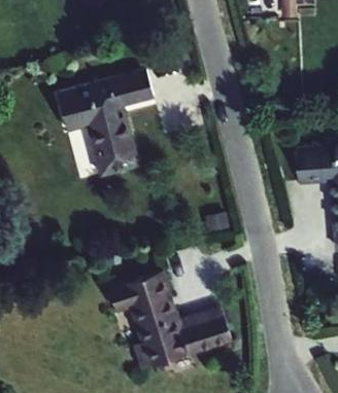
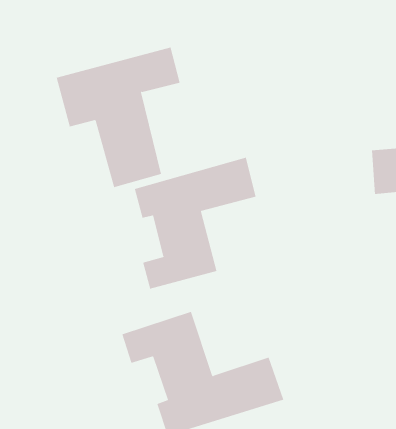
building: none -> [134,157,256,290]

